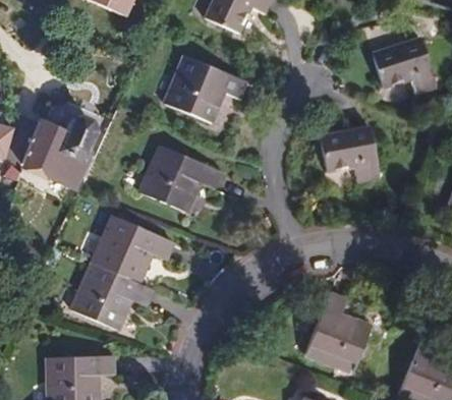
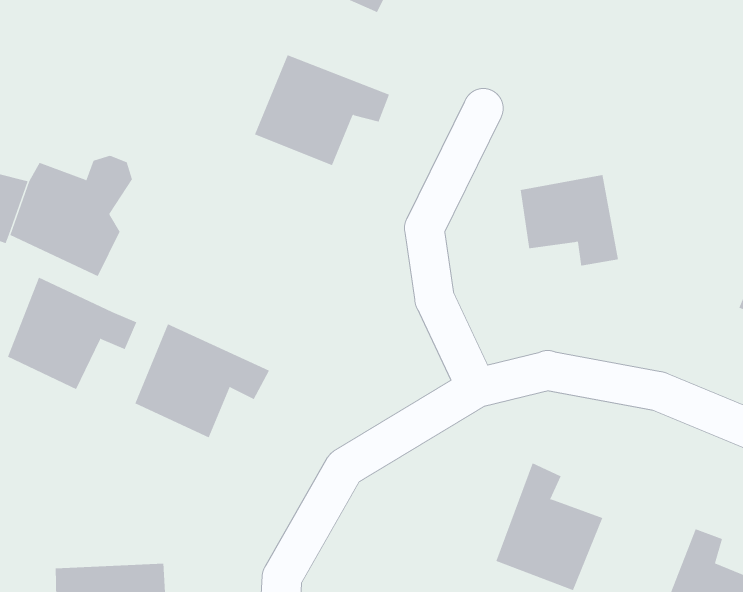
building: [373,38,436,94] -> none
building: [140,147,221,212] -> none
building: [76,262,153,328] -> [7,277,137,390]

